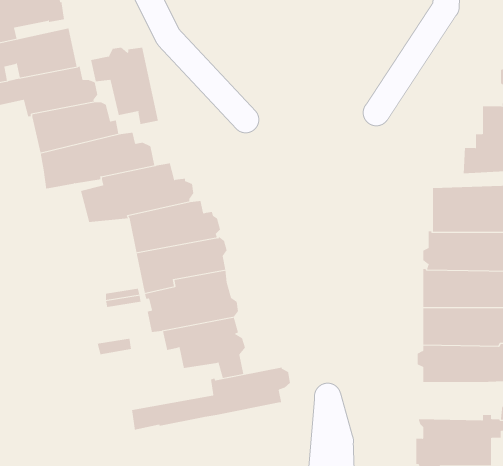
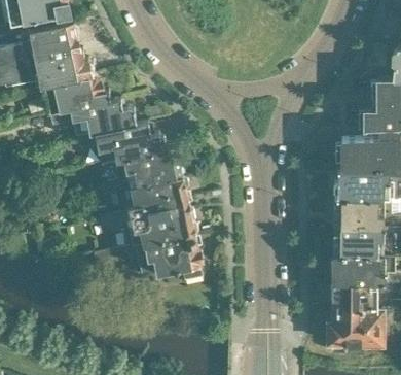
building: [91,47,158,125] -> none
building: [131,367,290,431] -> none
building: none -> [328,285,376,313]

